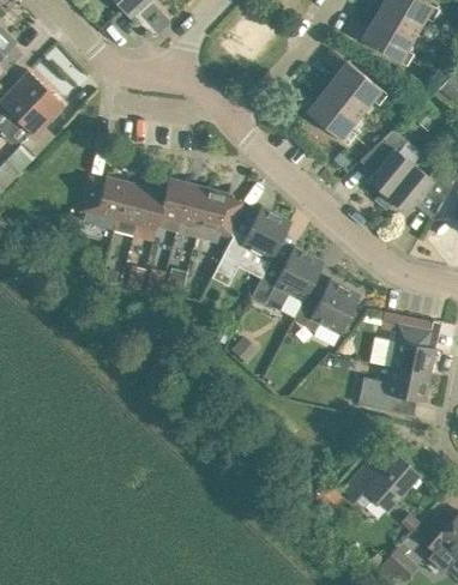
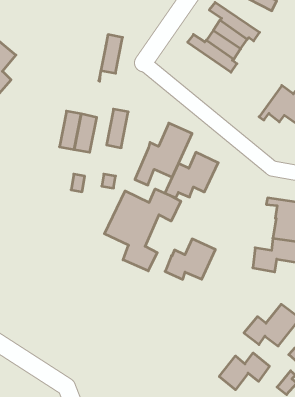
building: [358,129,412,205] -> none
building: [79,167,126,229] -> none
building: [153,179,188,240] -> [99,35,123,81]
building: [195,188,241,241] -> none
building: [291,279,360,333] -> [165,239,215,279]
building: none -> [104,189,181,271]
building: none -> [219,353,269,390]

